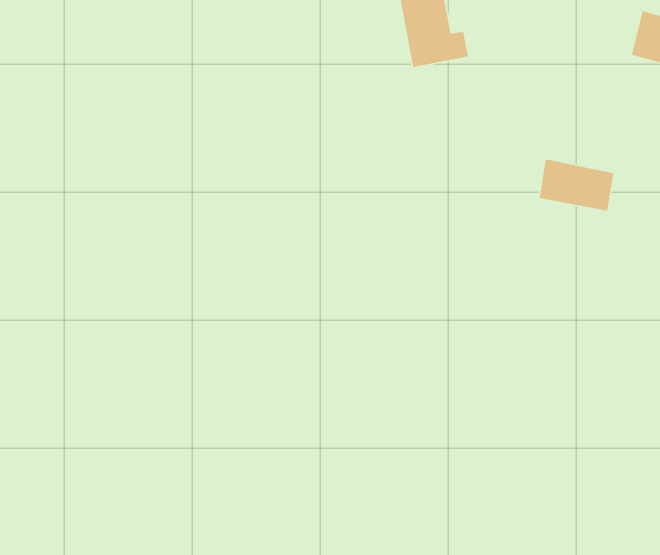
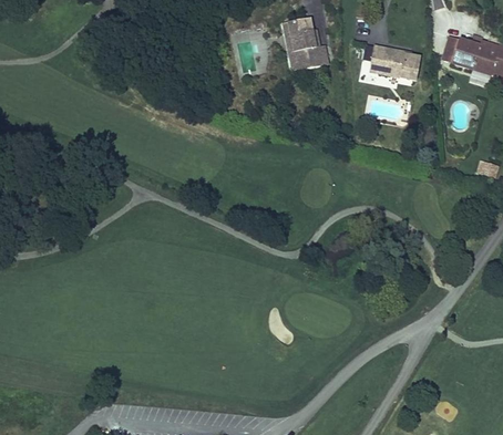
building: [539,159,614,211] -> [370,45,422,82]

